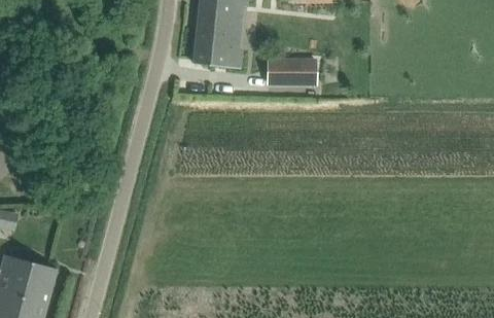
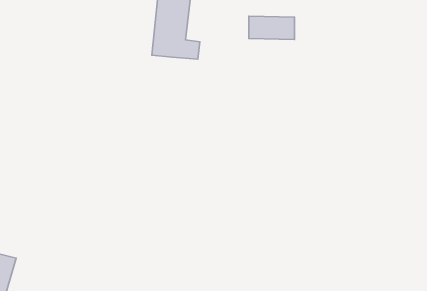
building: [269,60,315,83] -> [249,16,295,40]

